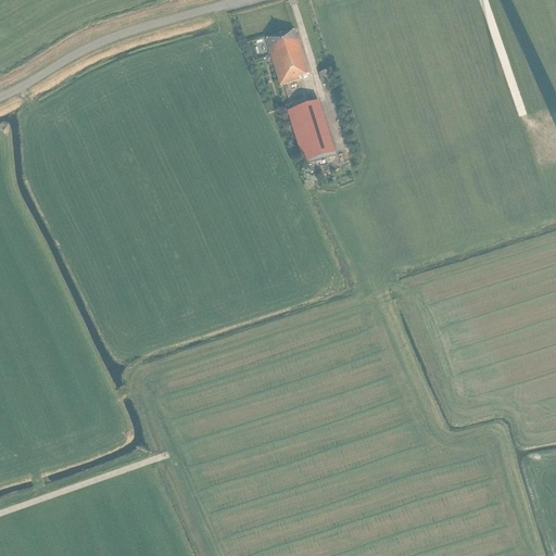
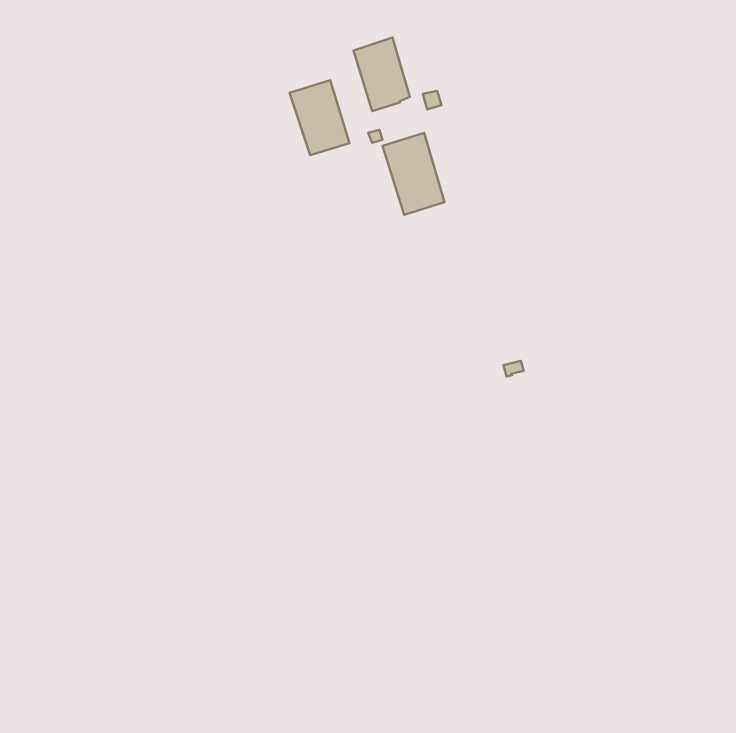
building: none -> [290,80,350,155]

